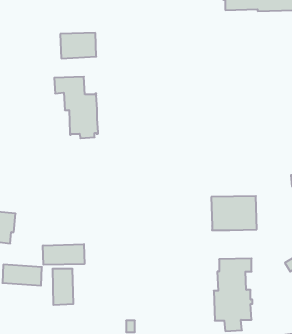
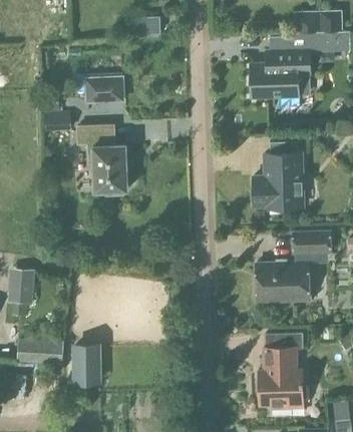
building: none -> [251,48,310,97]
building: none -> [254,152,303,207]
building: none -> [294,232,330,253]
building: [43,244,84,265] -> none

